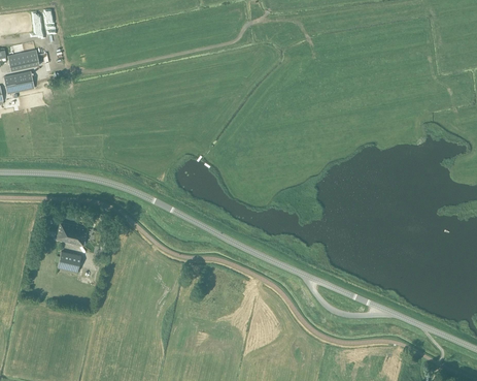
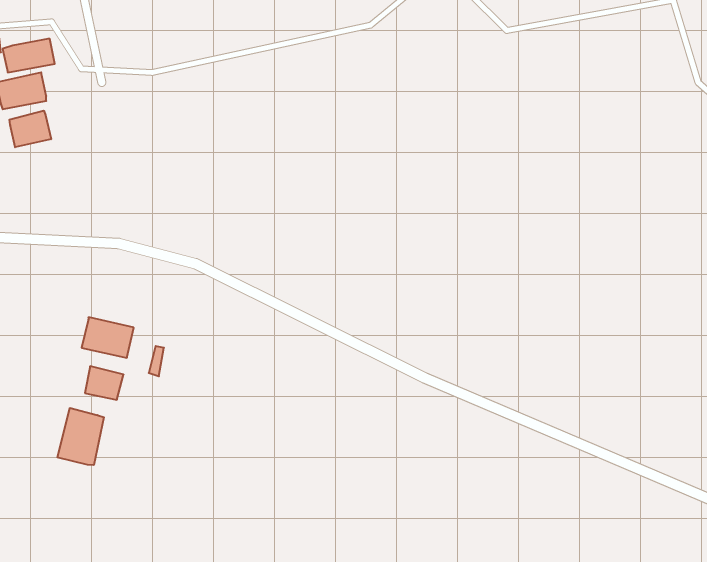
building: none -> [9,111,51,147]
building: none -> [57,408,104,465]

